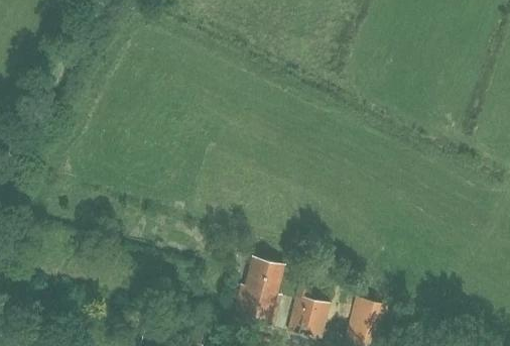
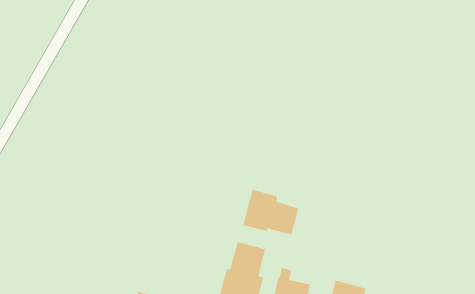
building: none -> [242,189,300,236]

